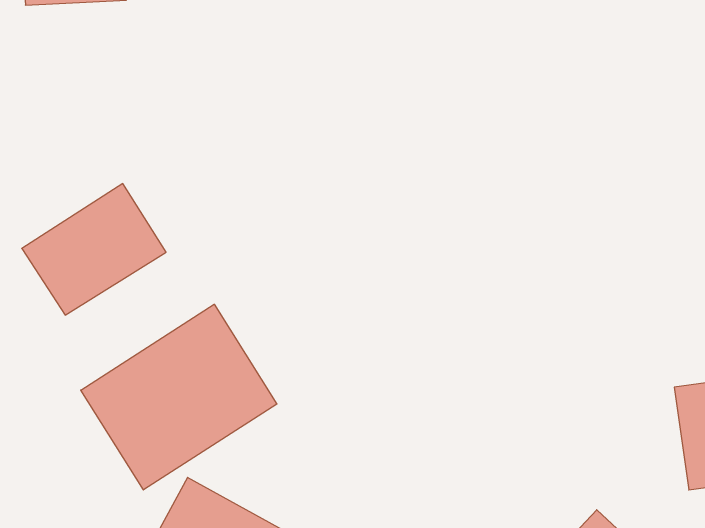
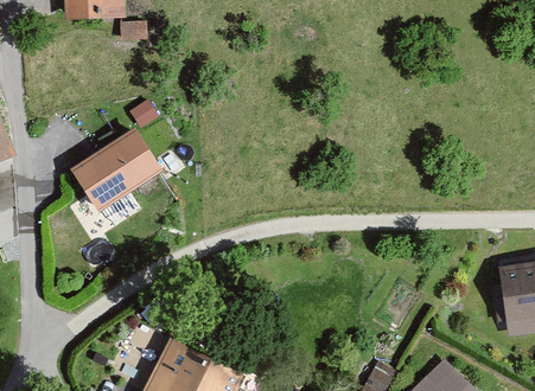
building: [81,304,277,490] -> none

